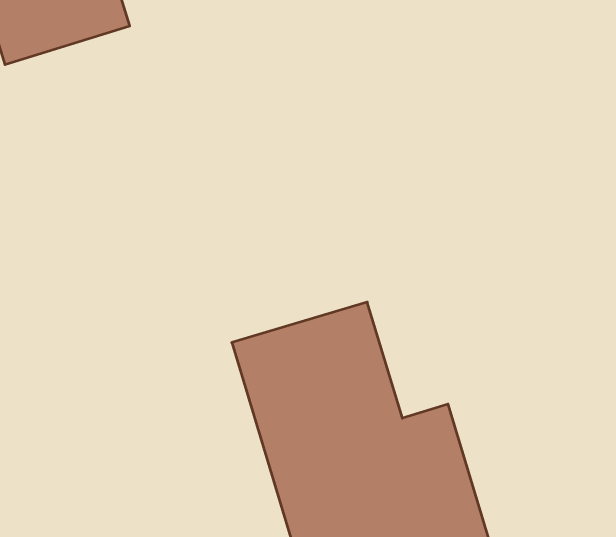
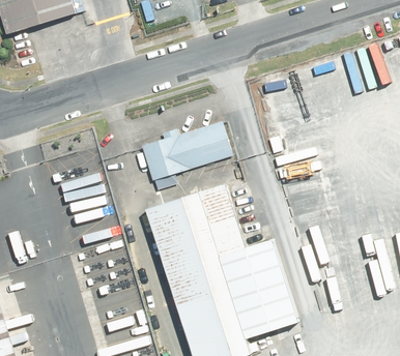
building: none -> [143,120,233,181]

